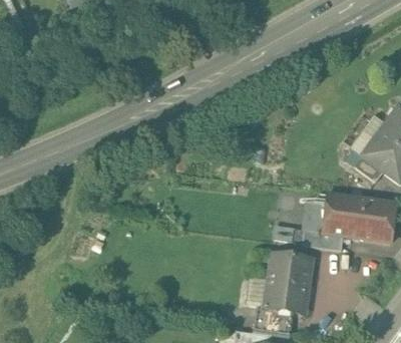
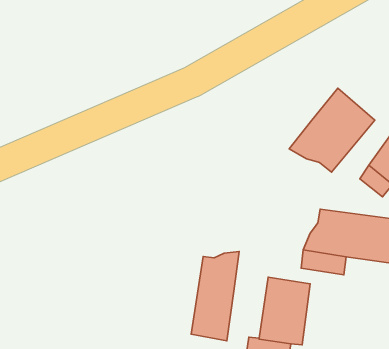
building: none -> [289,88,375,172]
building: none -> [191,251,239,341]

